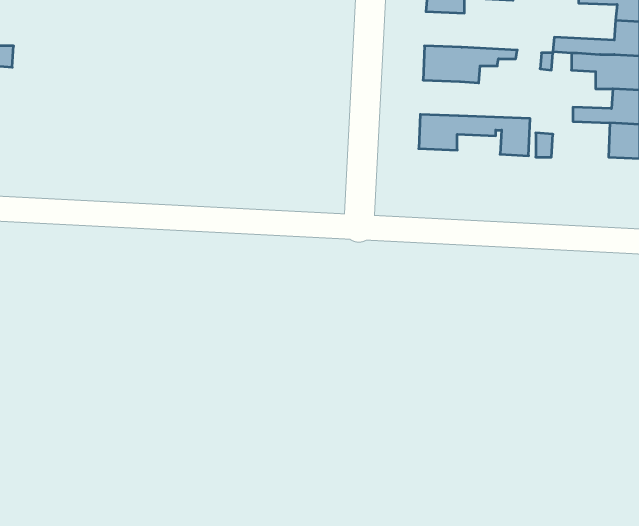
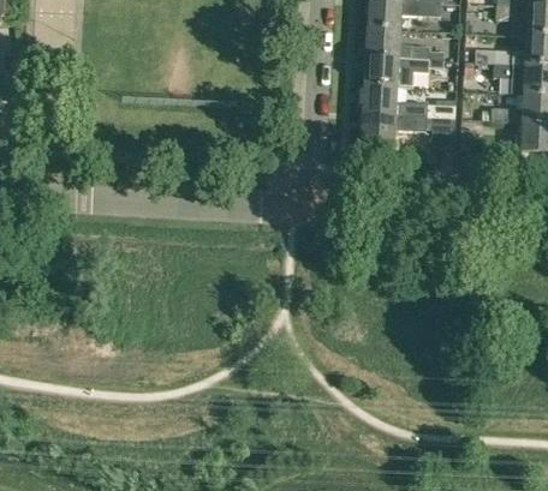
building: none -> [365,24,443,56]
building: none -> [362,82,454,114]

